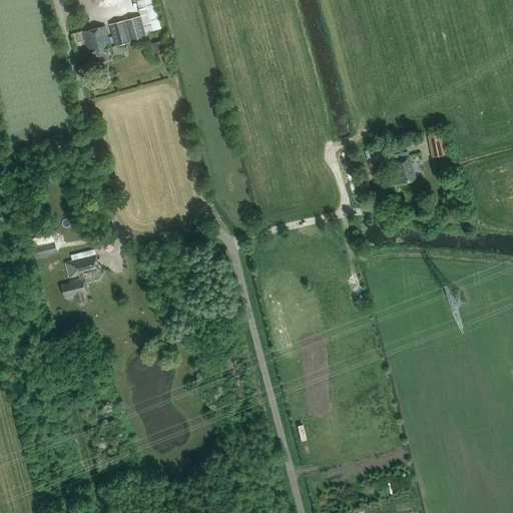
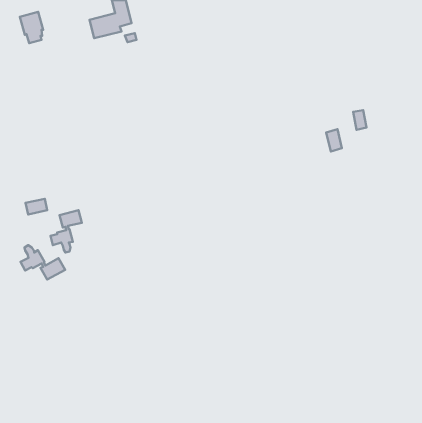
building: [82,25,110,63] -> [20,12,43,43]
building: none -> [21,245,65,280]

